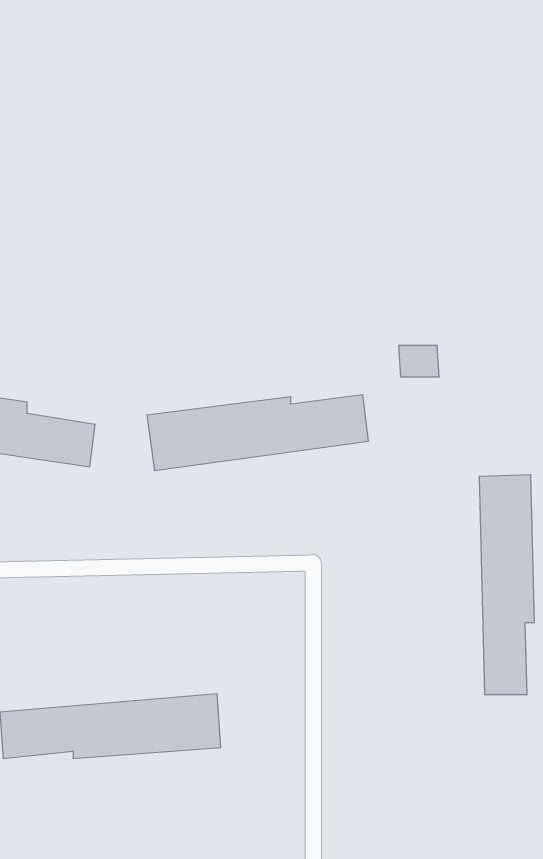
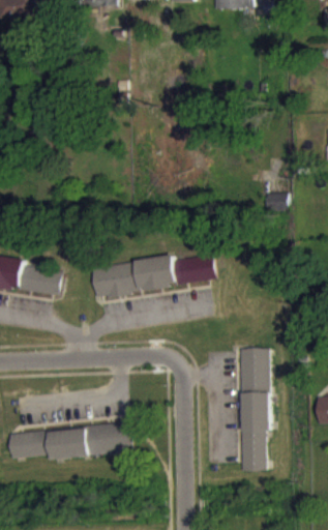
building: [399,345,439,377] -> [265,193,288,210]
building: [479,475,534,694] -> [239,348,270,471]

